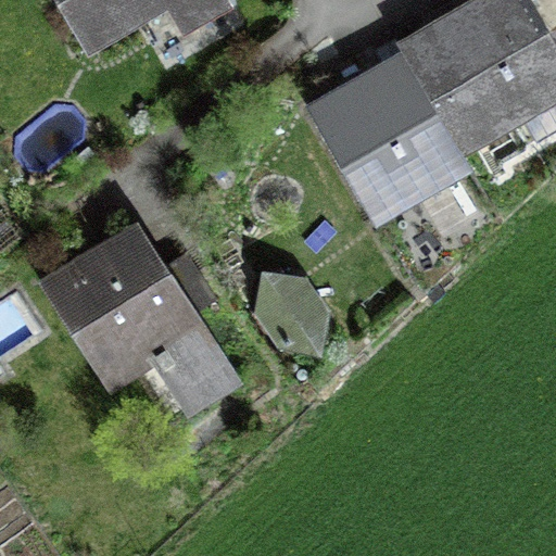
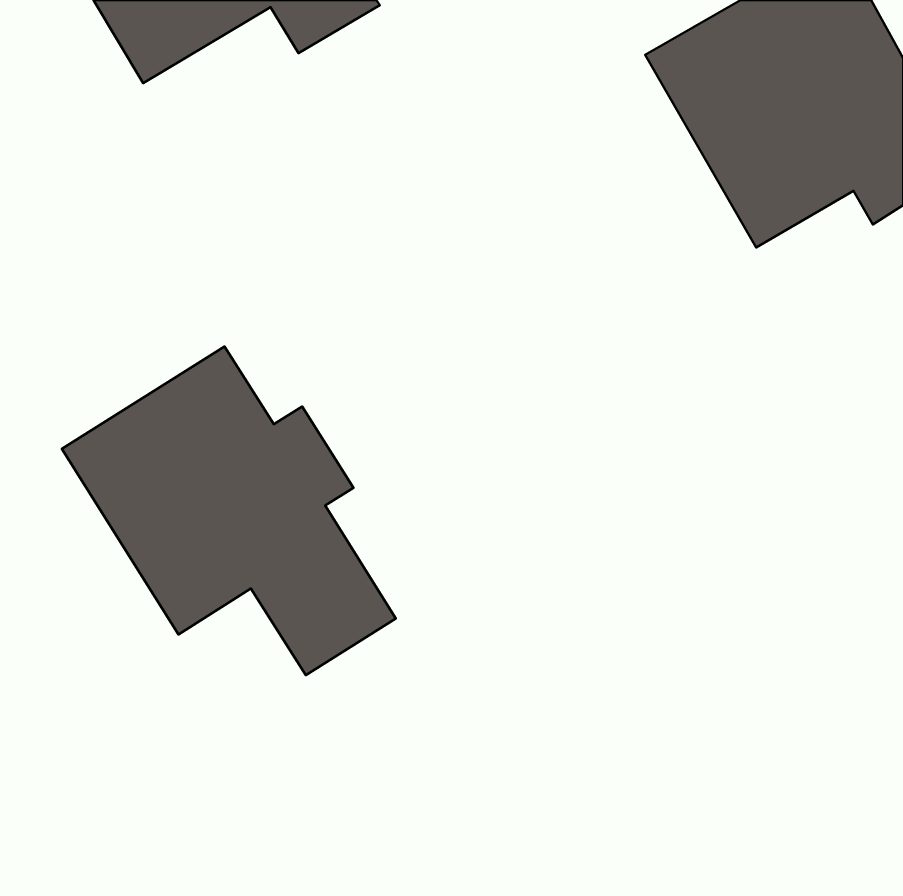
building: [304,38,473,227] -> none
building: [254,268,329,354] -> none

